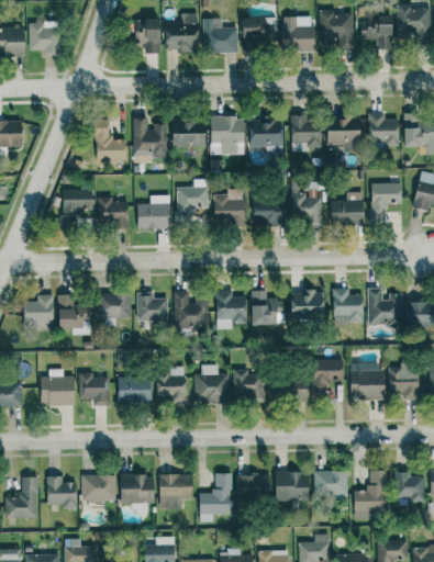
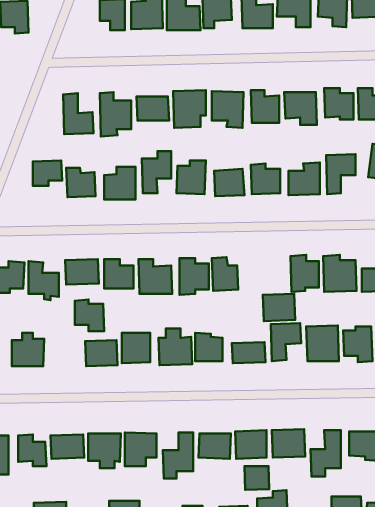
building: [290,290,324,318] -> [263,294,295,321]
building: [79,372,110,405] -> [75,300,104,331]
building: none -> [244,466,269,490]

